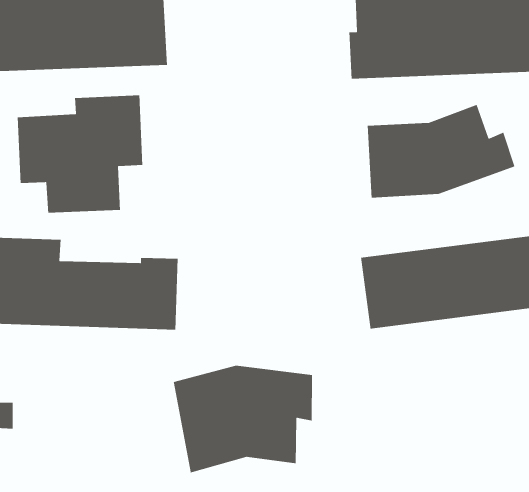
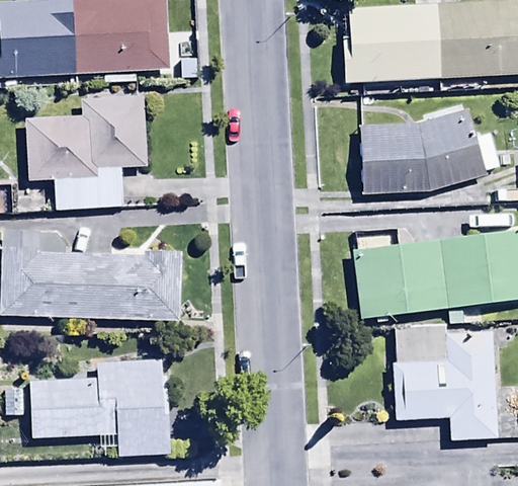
building: none -> [392,324,498,440]
building: [173,365,313,473] -> none
building: none -> [27,359,172,458]

